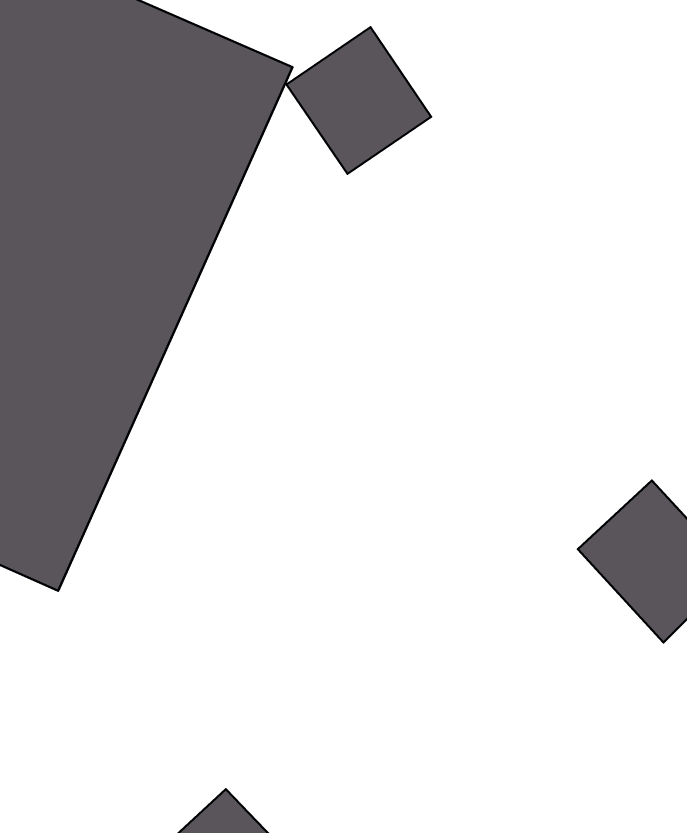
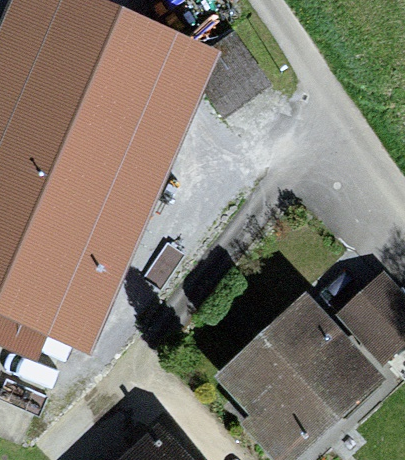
building: none -> [236,315,359,450]

